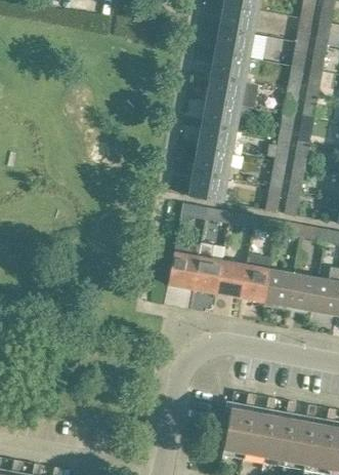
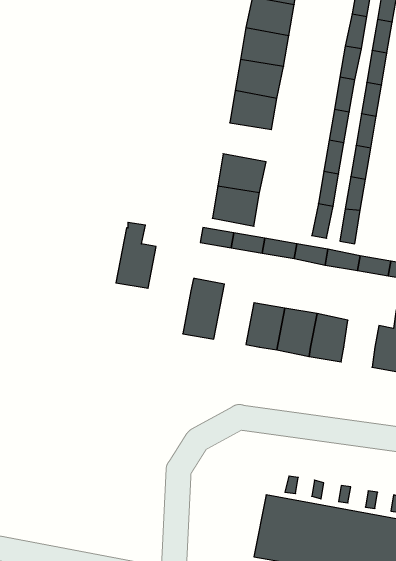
building: [199,123,236,153] -> none
building: [192,242,222,292] -> [116,222,156,288]
building: [289,274,317,310] -> none

